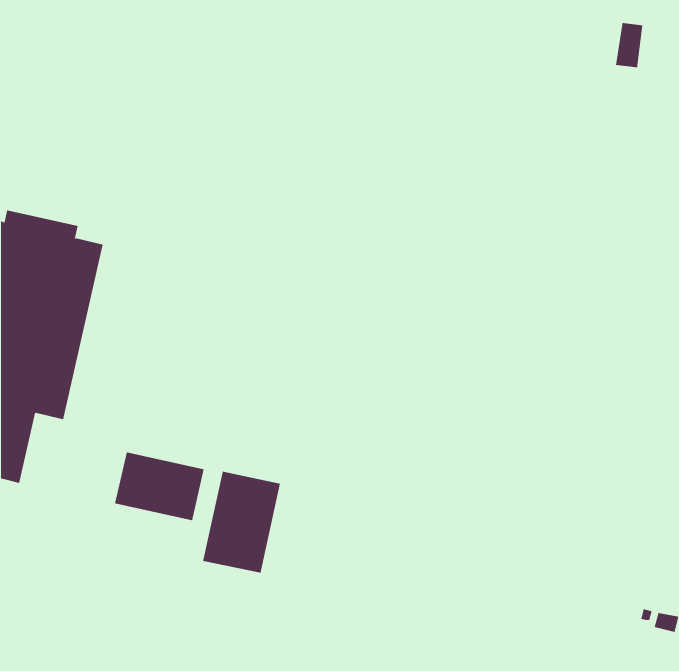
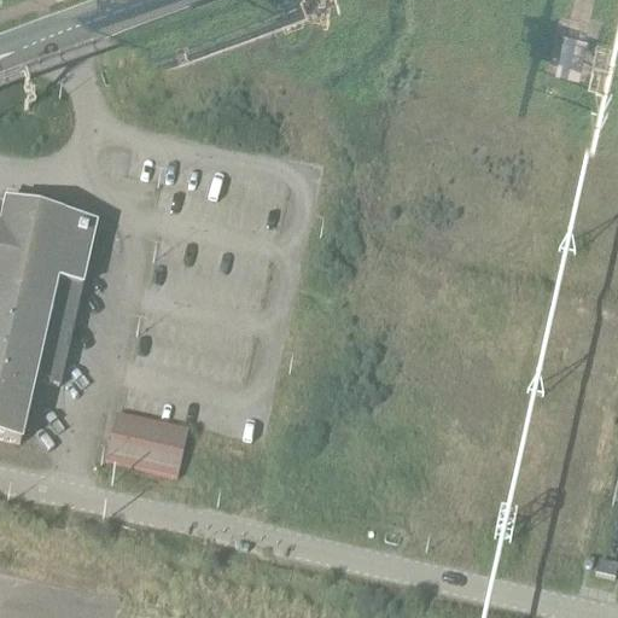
building: [203,471,281,574] -> none

